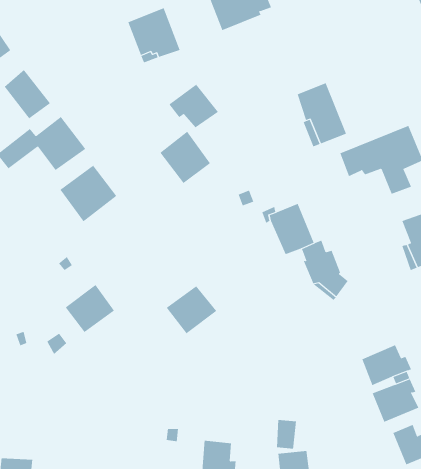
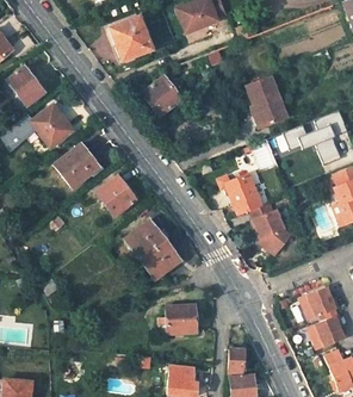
building: [159,131,211,184] -> [95,173,137,216]
building: [65,284,115,333] -> [124,218,165,258]
building: none -> [166,304,197,334]

